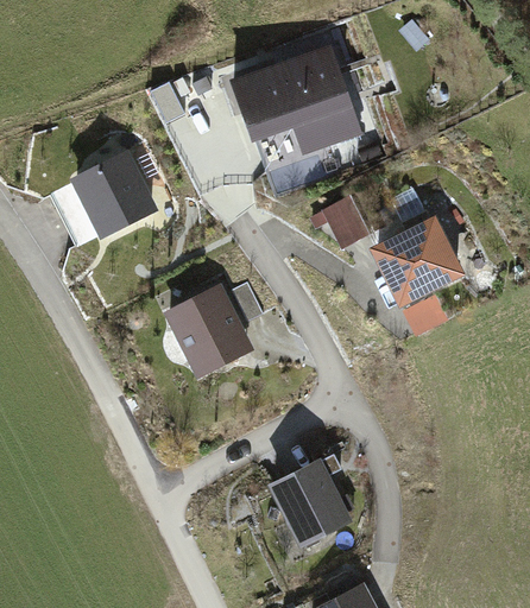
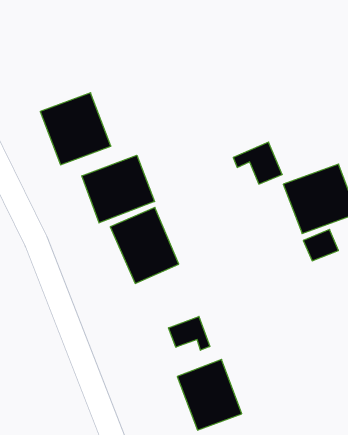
building: [228,37,364,194] -> none
building: none -> [82,155,155,223]
building: none -> [169,316,210,350]

